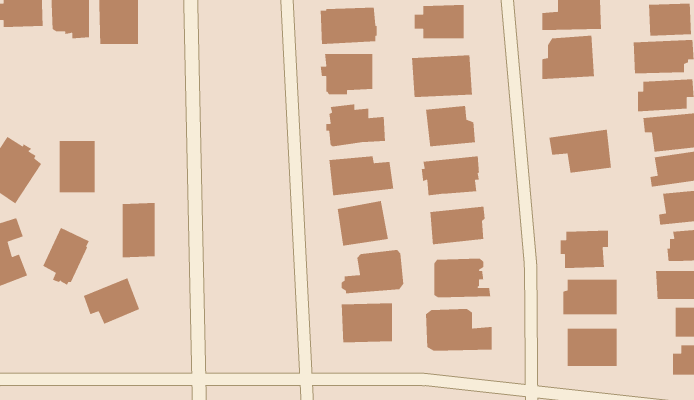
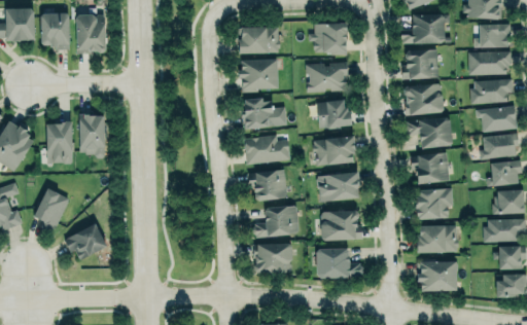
building: none -> [403,83,443,114]
building: none -> [410,151,450,183]
building: [122,202,156,258] -> [79,114,104,155]

